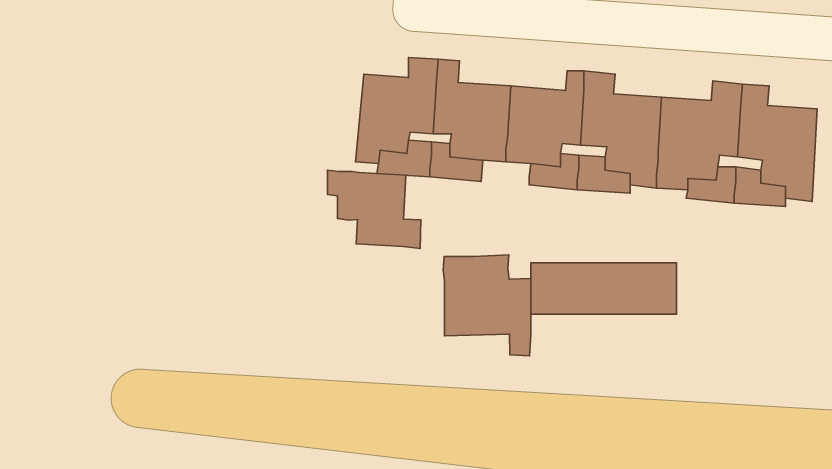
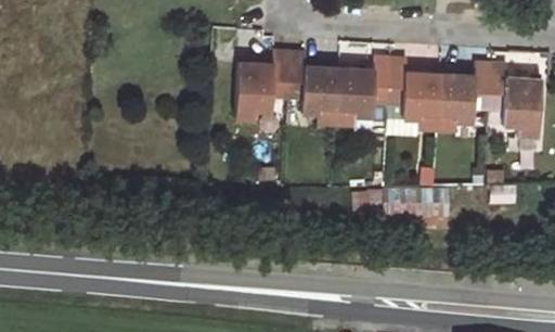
building: [327,170,421,249] -> none
building: [443,255,531,356] -> none

